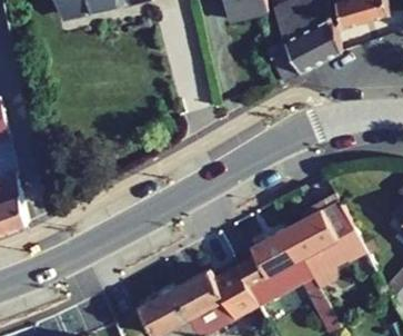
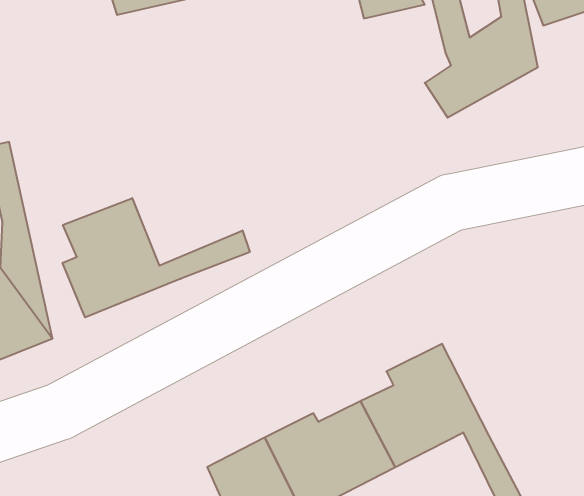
building: none -> [63,198,250,317]
building: [284,192,361,284] -> none

